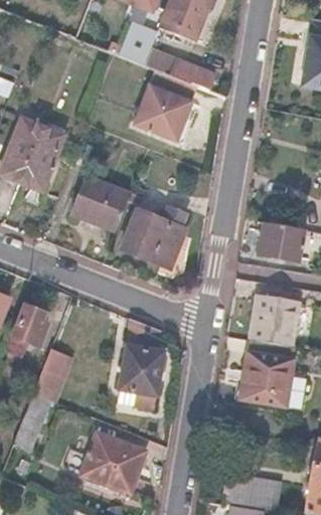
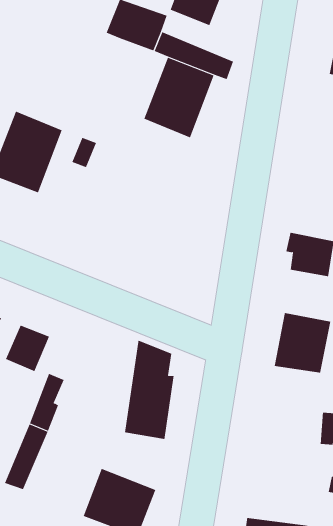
building: [72,177,131,231] -> none
building: [122,207,186,268] -> none
building: [239,342,293,408] -> none

